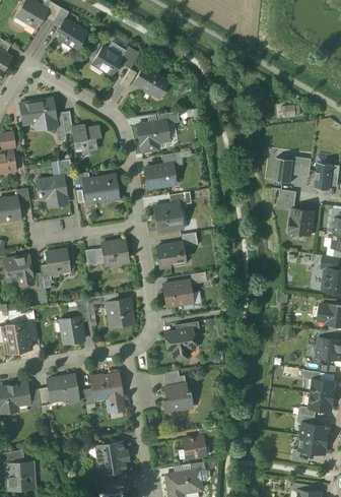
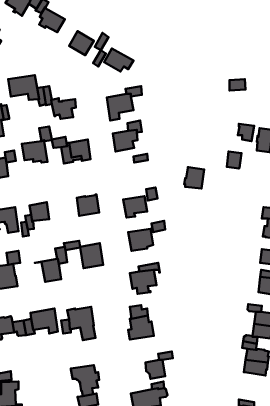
building: [273,158,294,183] -> none
building: [154,203,183,232] -> none
building: [289,208,313,234] -> [184,167,204,188]

